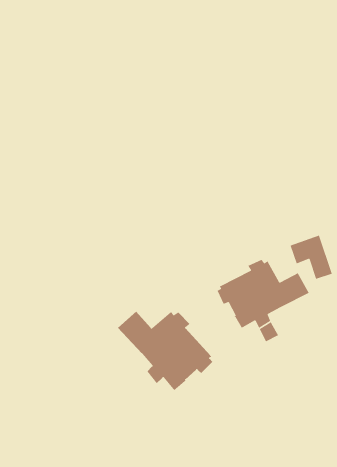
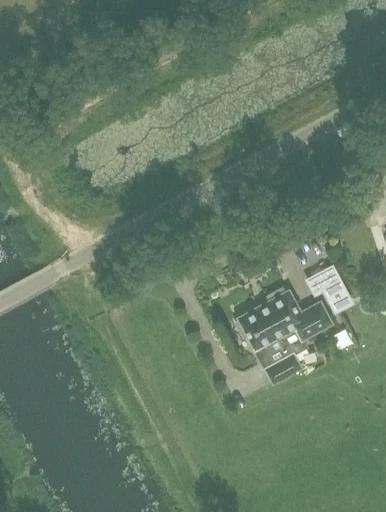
building: [117,310,213,391] -> none

